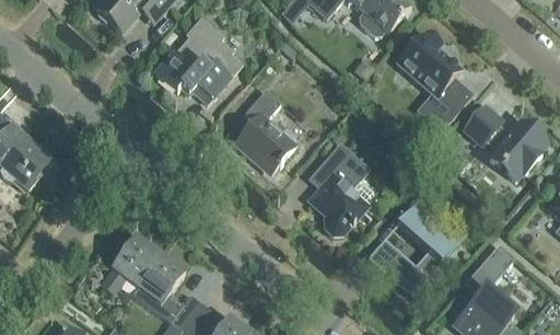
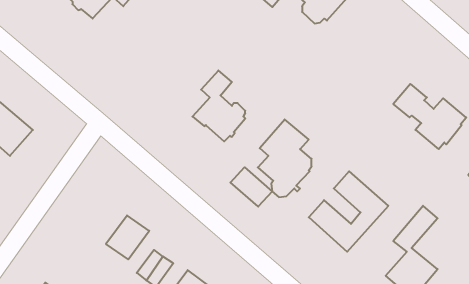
building: [155,19,240,101] -> none
building: [397,33,471,129] -> none
building: none -> [230,167,272,207]
building: [102,235,161,292] -> none

